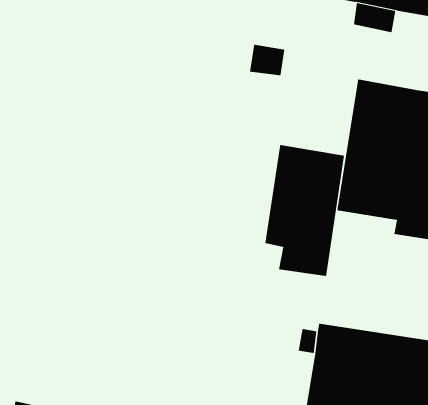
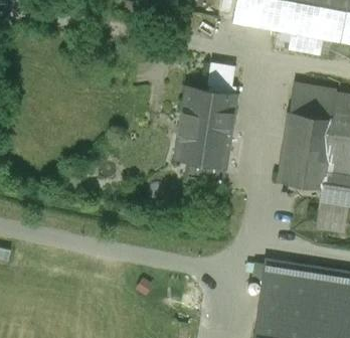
building: [264,145,345,276] -> [177,87,235,182]

